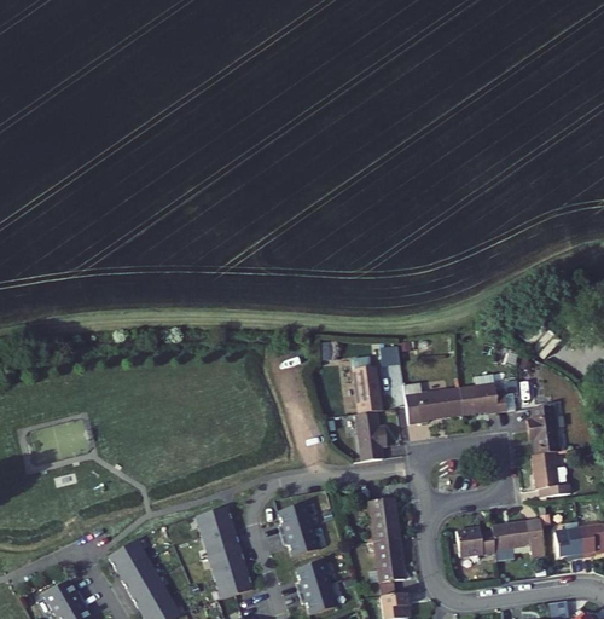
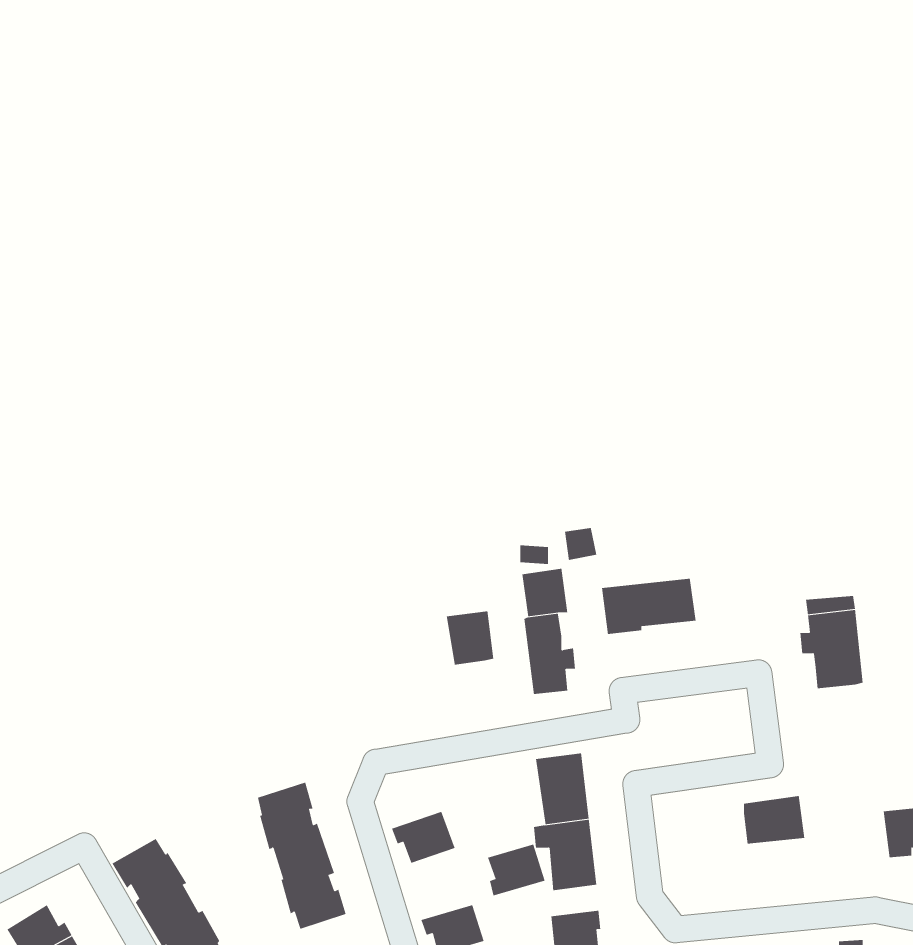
building: [464,369,523,410] -> none
building: none -> [446,610,494,665]
building: [536,450,576,496] -> none
building: [273,505,309,539] -> none
building: [557,520,587,559] -> none
building: [461,526,499,555] -> none
building: [292,563,329,596] -> [487,844,545,896]

